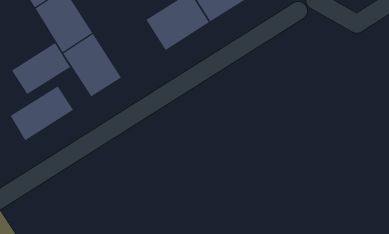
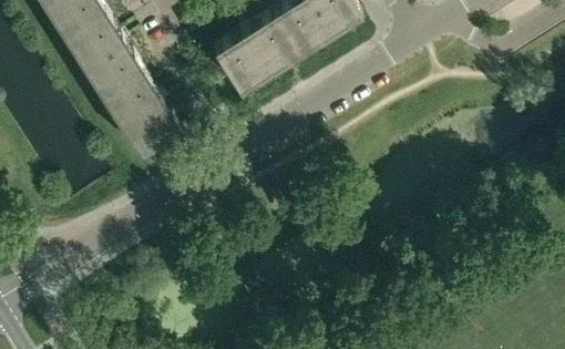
building: [11,42,71,95] -> none
building: [10,86,74,141] -> none

